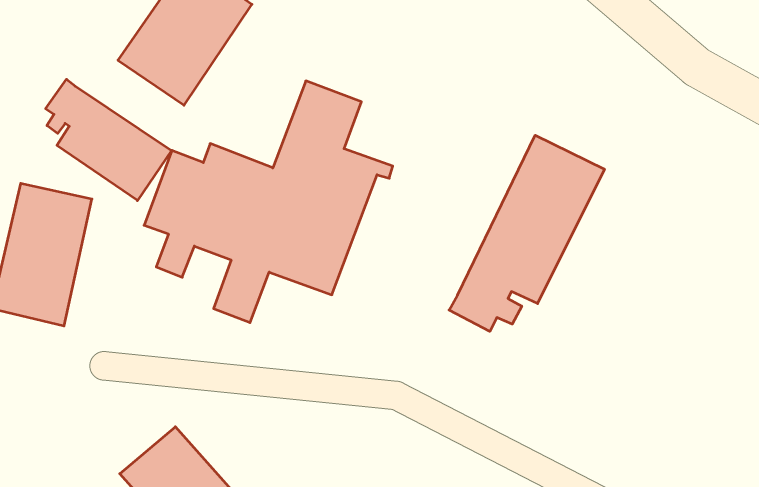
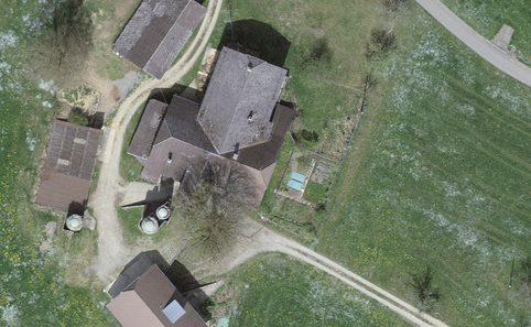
building: [46,79,171,201] -> none
building: [449,135,604,331] -> none

